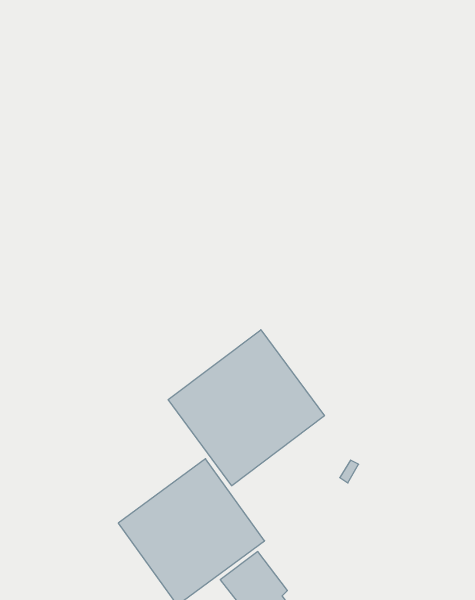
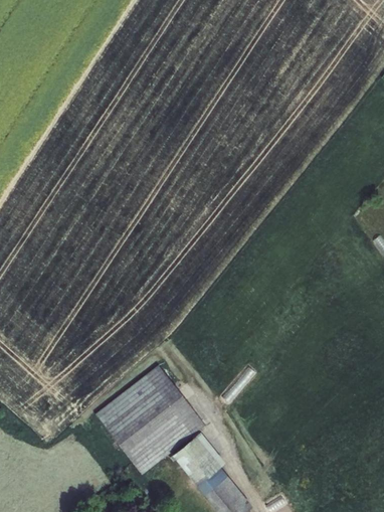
building: [168,330,324,486] -> none

